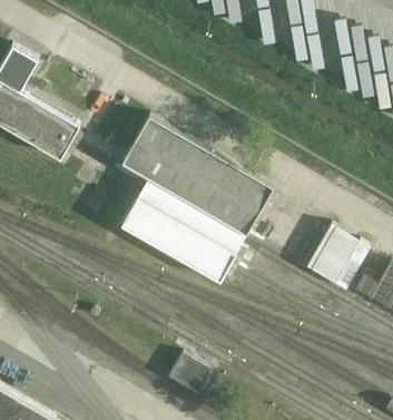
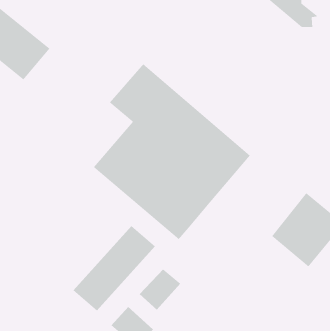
building: none -> [72,225,156,312]
building: none -> [139,268,181,311]

